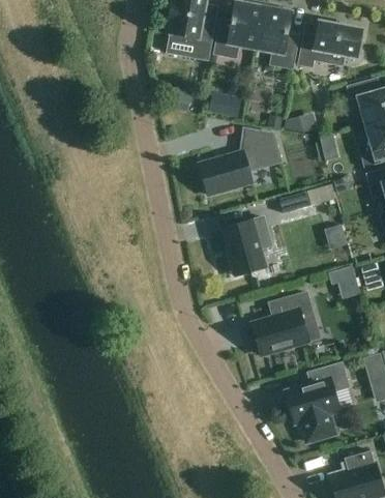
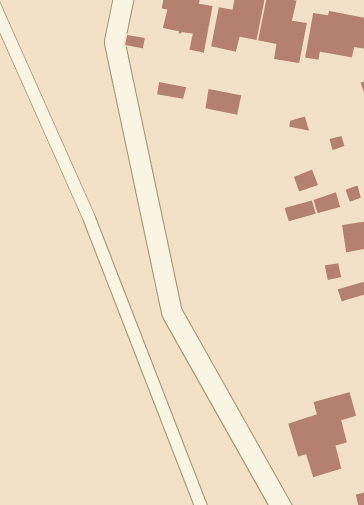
building: [200,128,282,194] -> none
building: [223,216,272,275] -> none
building: [253,291,314,353] -> none

